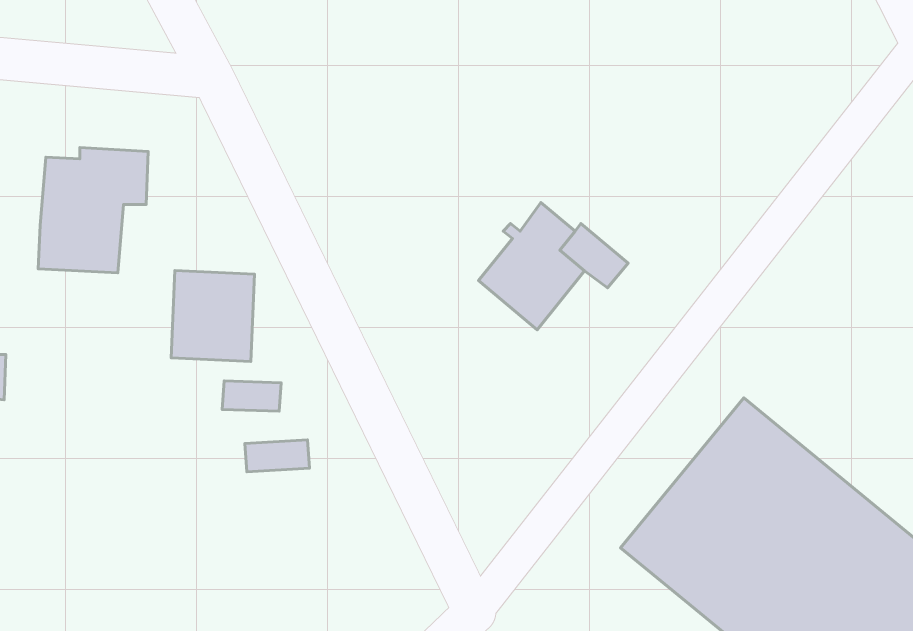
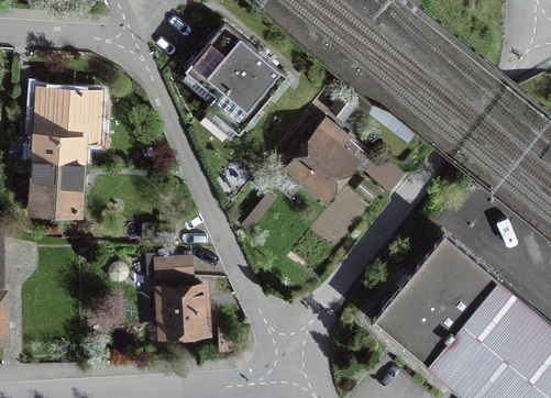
building: none -> [186,25,287,135]
building: [171,270,255,362] -> [33,162,81,214]
building: none -> [159,289,207,335]

